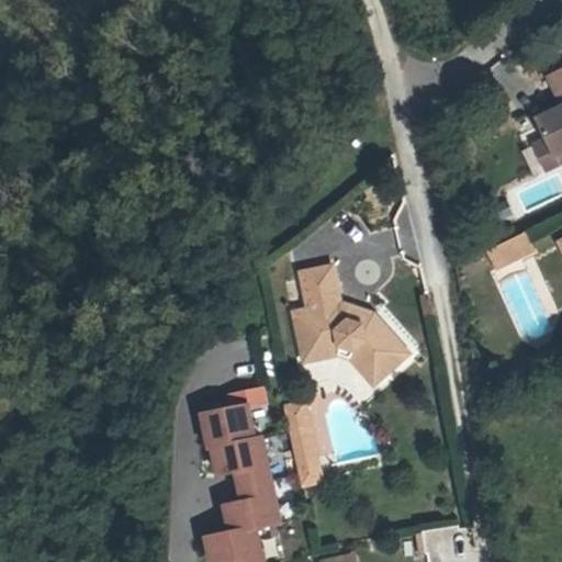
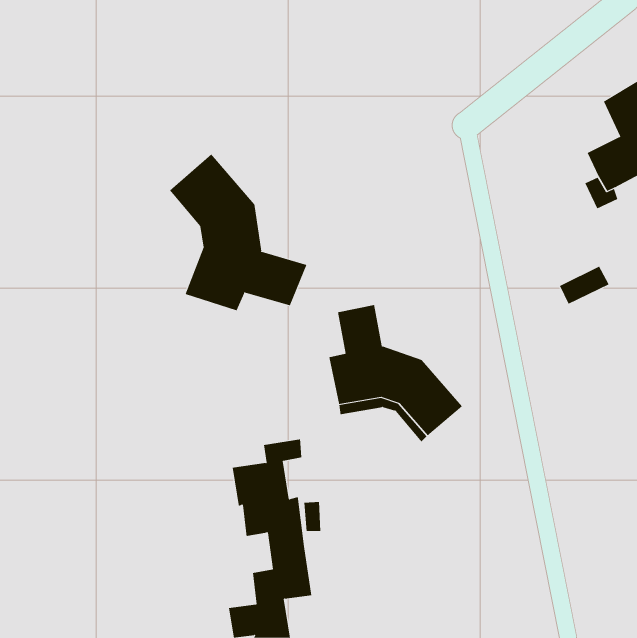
building: none -> [169,154,307,311]
building: [286,402,326,491] -> none

